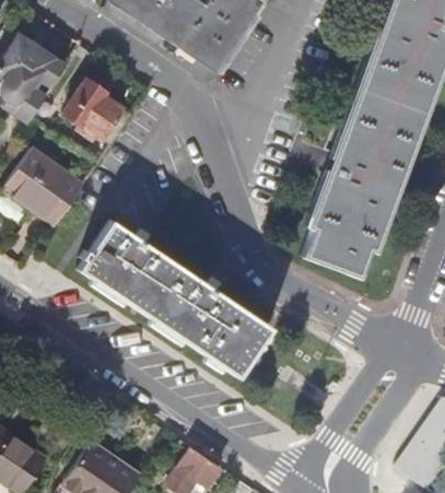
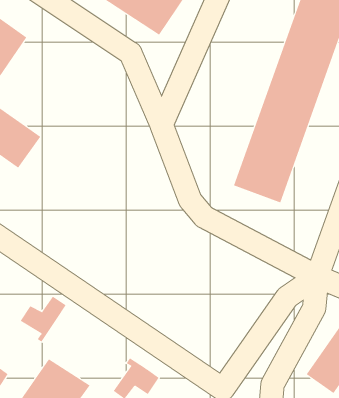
building: [69,83,124,138] -> none
building: [80,222,272,377] -> none
building: none -> [20,296,66,342]

